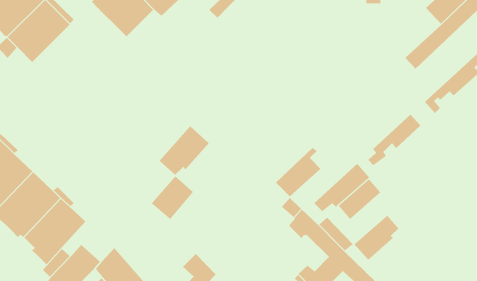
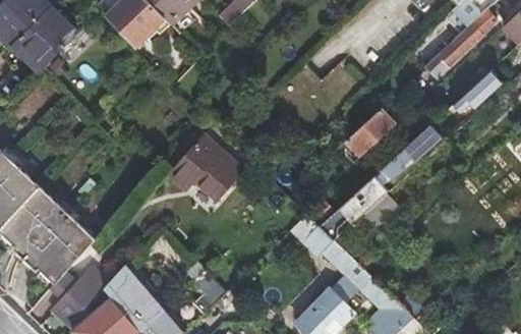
building: [275,147,321,197] -> [346,103,394,155]
building: [151,176,194,220] -> [195,156,240,202]
building: [354,215,399,260] -> none

